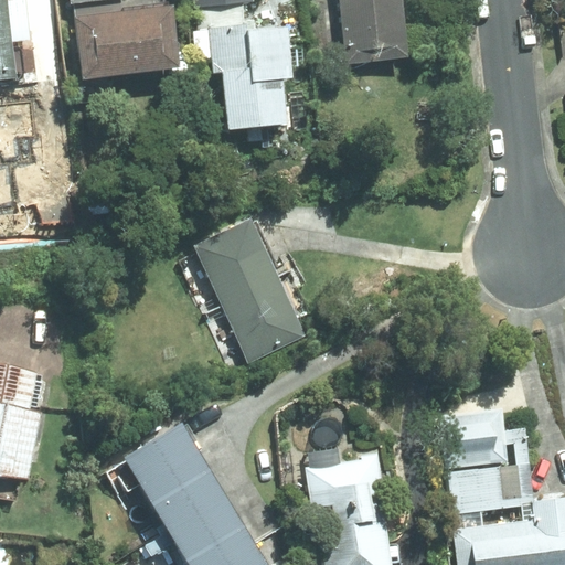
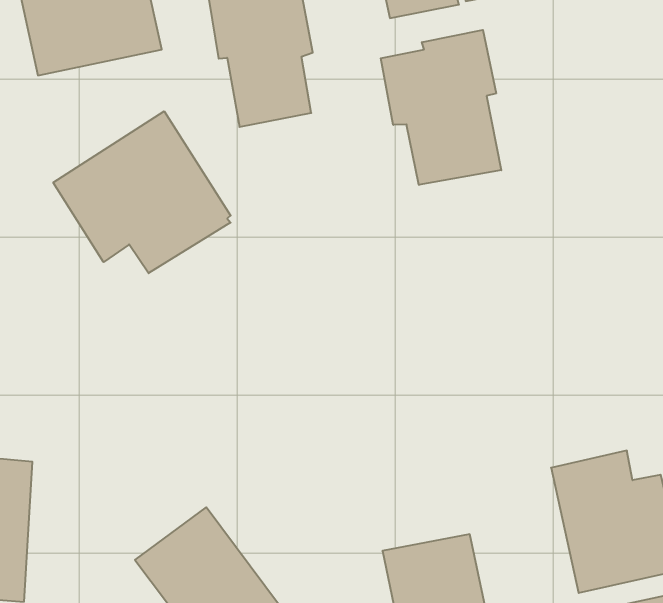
building: none -> [381,30,501,185]
building: none -> [53,111,231,273]
building: [190,213,307,363] -> none

